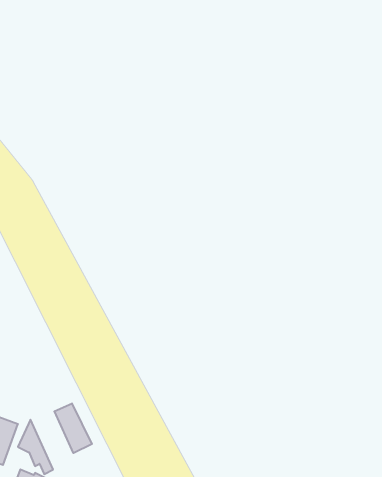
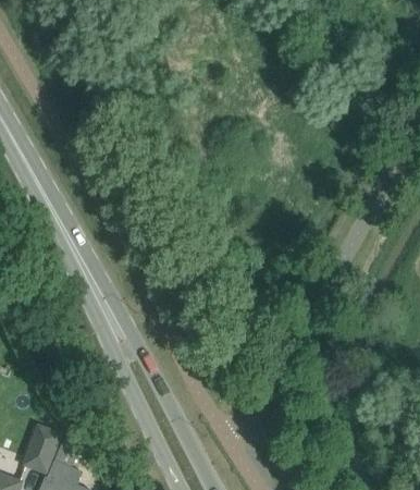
building: [54,403,92,453] -> none

